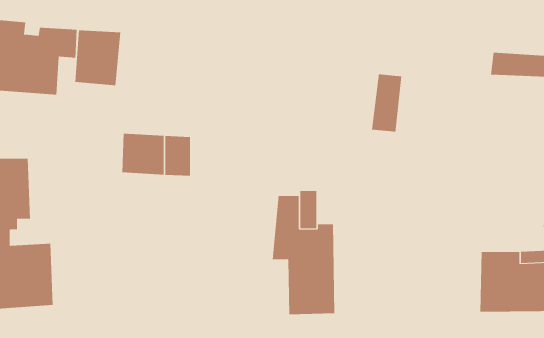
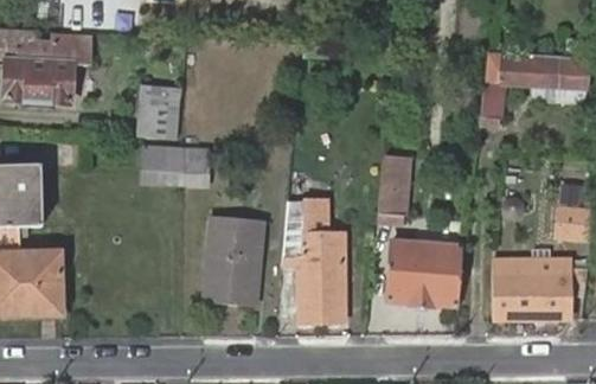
building: [75,30,121,86] -> [137,84,184,140]
building: [371,74,402,132] -> [377,155,408,213]
building: none -> [210,213,268,297]
building: none -> [384,239,459,307]

